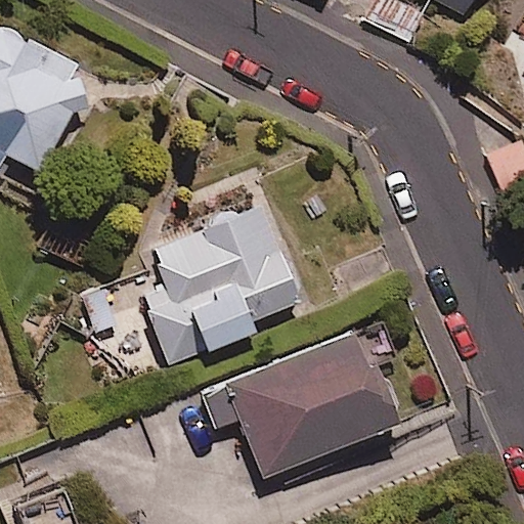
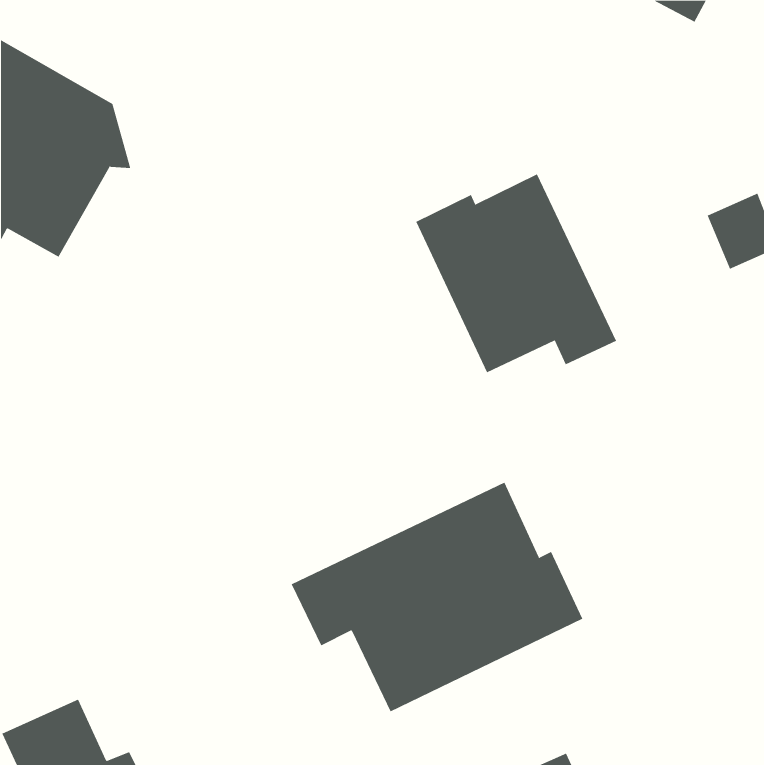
building: none -> [415,174,617,373]
building: [138,191,300,358] -> none

